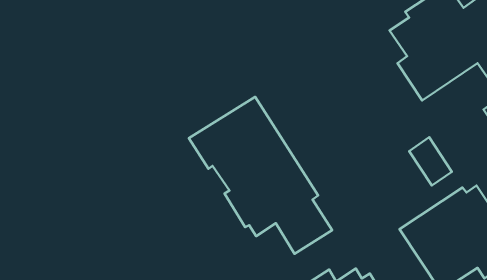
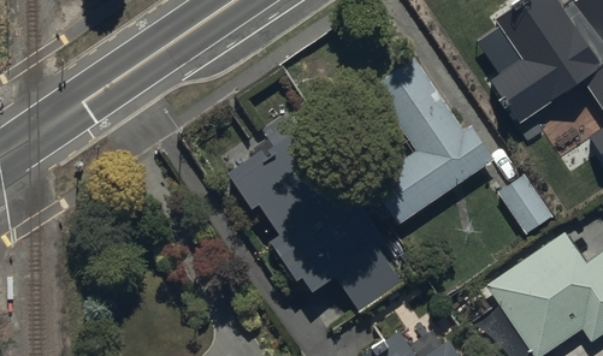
building: none -> [370,60,496,226]

